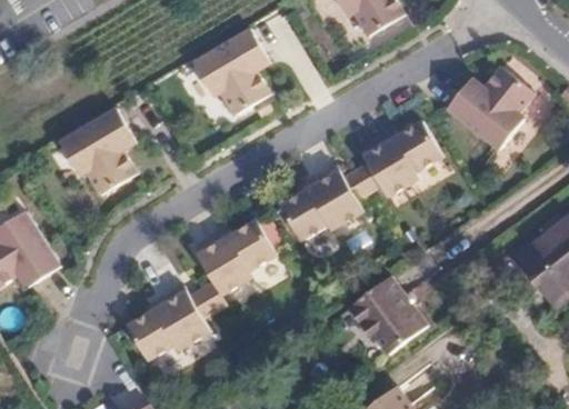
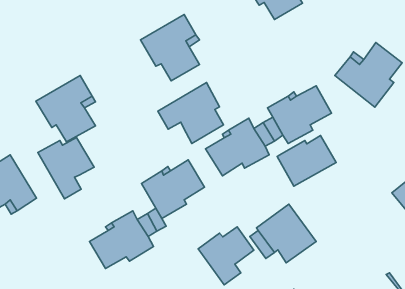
building: none -> [158,83,223,144]
building: none -> [277,135,336,186]
building: none -> [38,137,94,199]
building: none -> [198,227,254,285]

